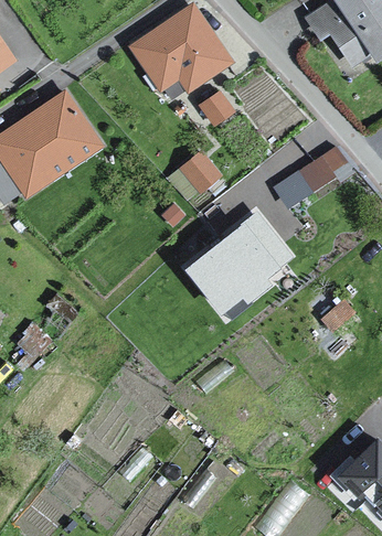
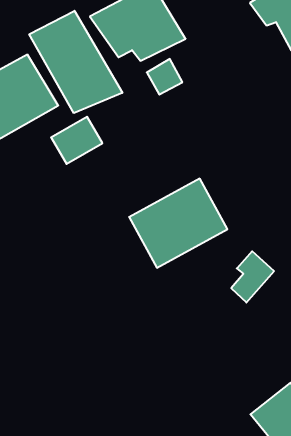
building: none -> [29,11,122,113]
building: [269,147,347,205] -> none
building: [162,149,219,202] -> [51,117,102,164]

